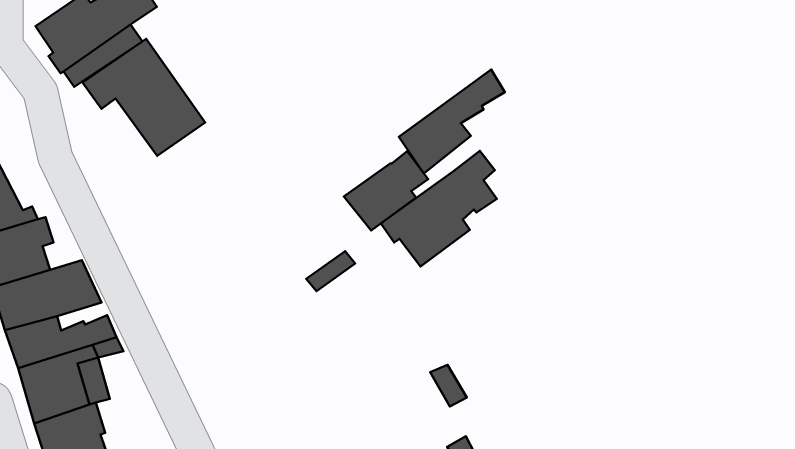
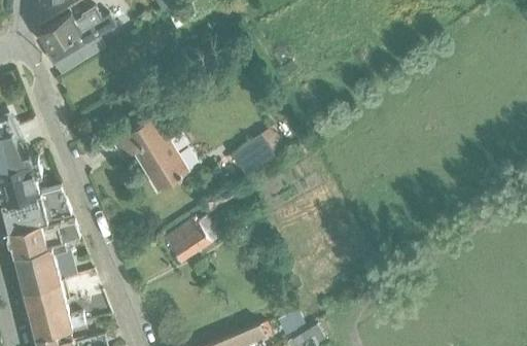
building: [83,39,205,156] -> [111,117,188,193]
building: [399,70,505,173] -> none
building: [381,151,497,266] -> none
building: none -> [163,217,218,264]

